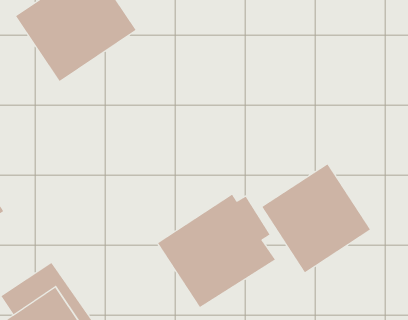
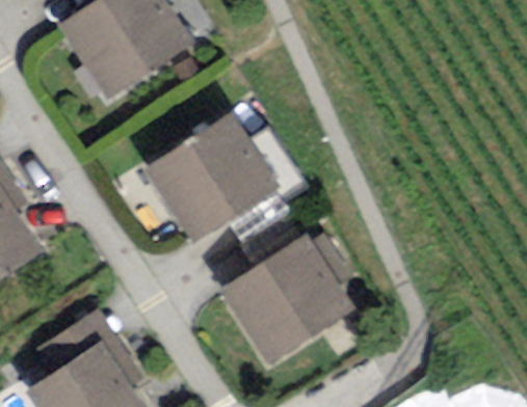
building: none -> [143,112,283,246]
building: [261,164,371,273] -> none

